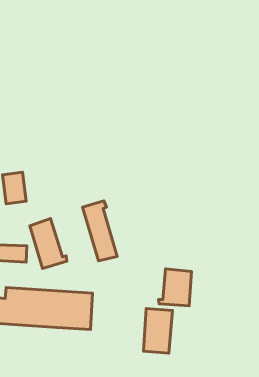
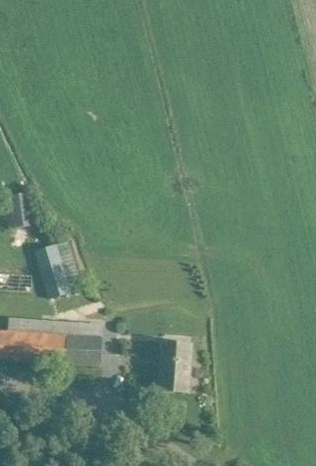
building: [83,201,117,261] -> none
building: [159,269,192,306] -> none

